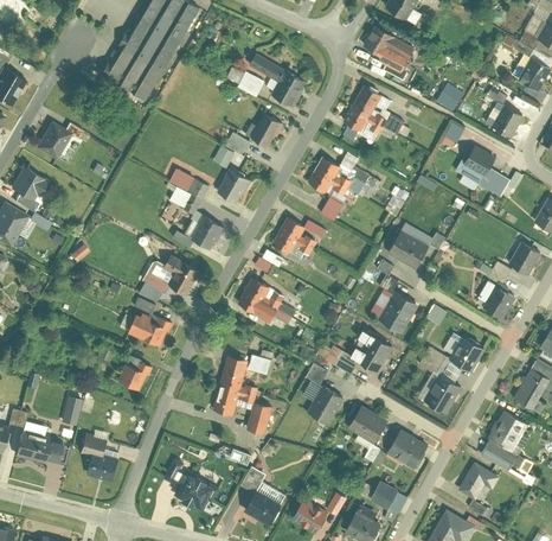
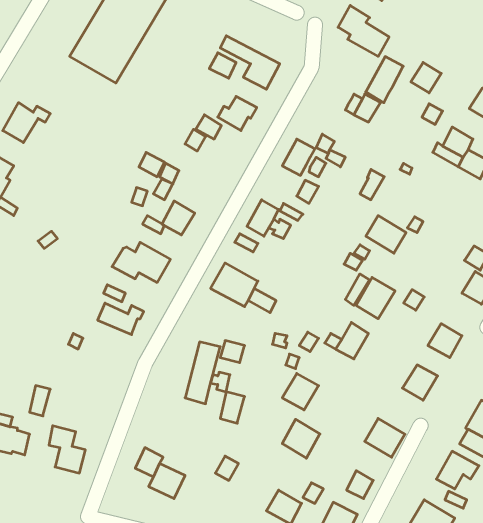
building: [345,85,381,131] -> [366,57,403,103]
building: [218,170,250,203] -> none
building: [118,363,152,392] -> none
building: [349,405,386,443] -> [282,419,320,458]
building: [246,492,282,523] -> none

